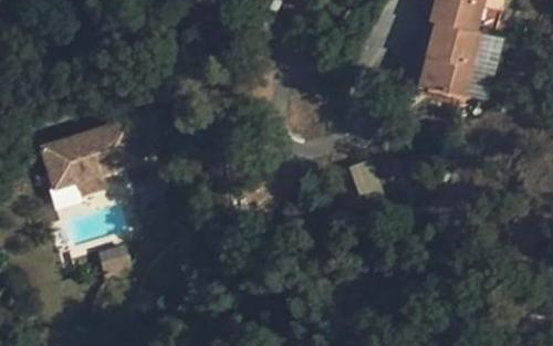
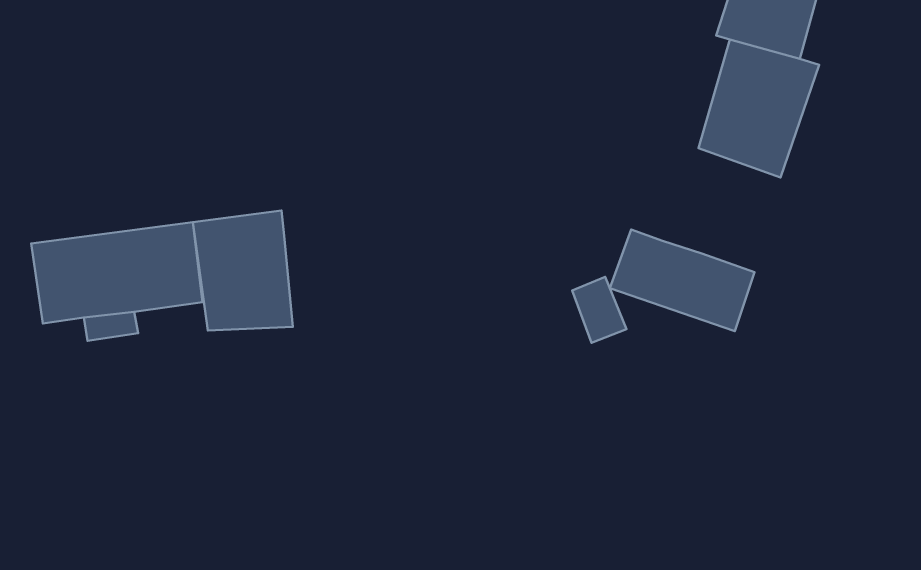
building: none -> [193,210,293,330]
building: none -> [610,229,754,331]

